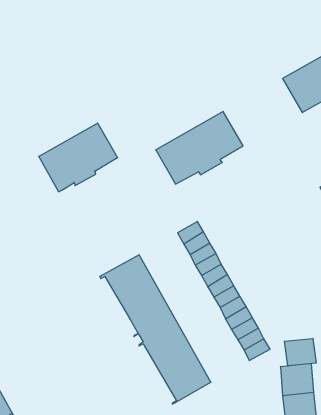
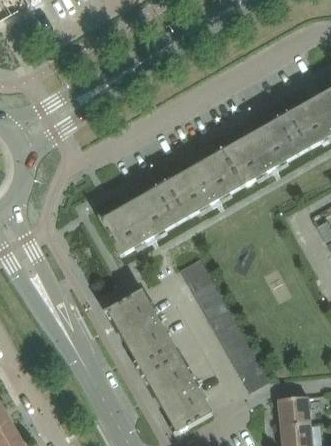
building: none -> [223,118,299,183]
building: [39,123,118,192] -> [101,187,177,253]
building: [284,338,316,366] -> none

